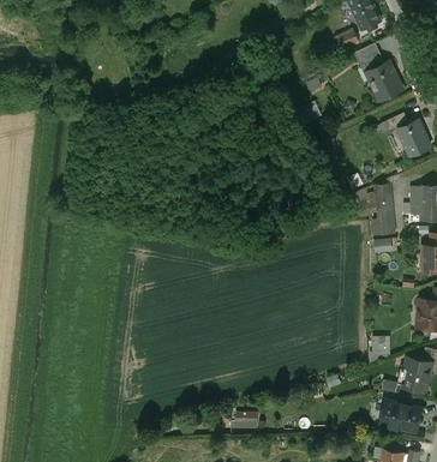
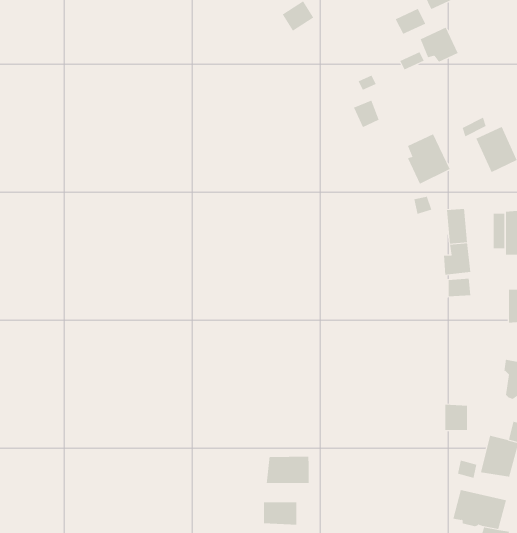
building: [369,61,402,101] -> [407,133,450,185]
building: none -> [266,456,309,484]

